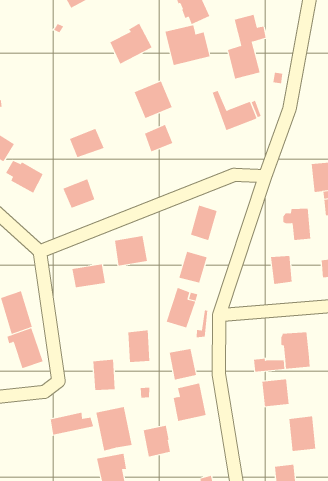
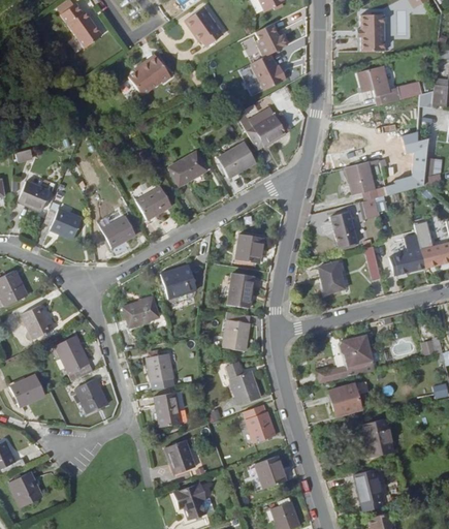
building: [165,24,210,66] -> none
building: [134,80,172,119] -> none
building: none -> [217,141,254,175]
building: [69,128,104,158] -> [134,187,170,219]
building: [127,330,150,362] -> [150,353,177,388]
building: [50,412,94,435] -> none
building: [143,425,171,457] -> [254,455,285,489]

